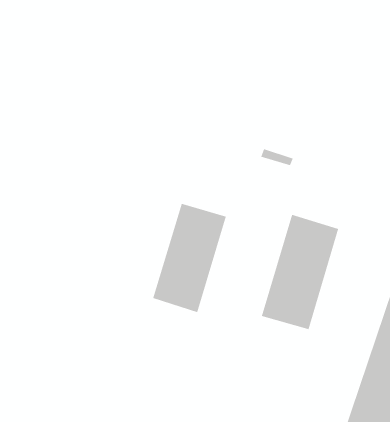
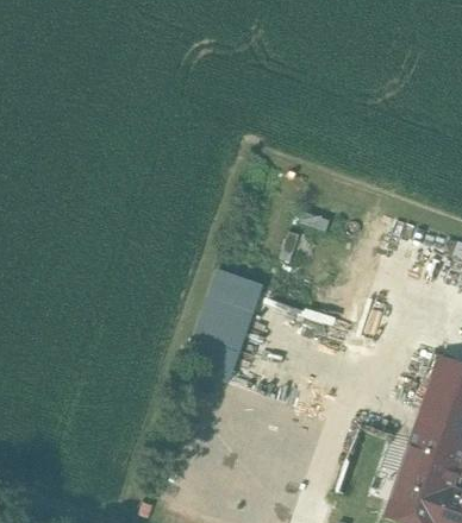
building: [261,214,339,330] -> none

